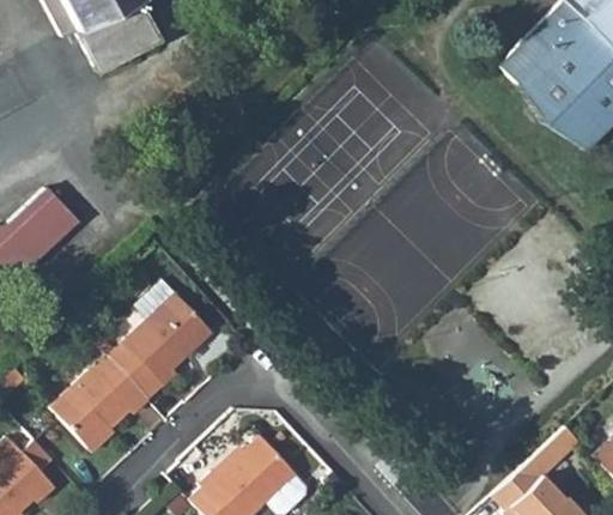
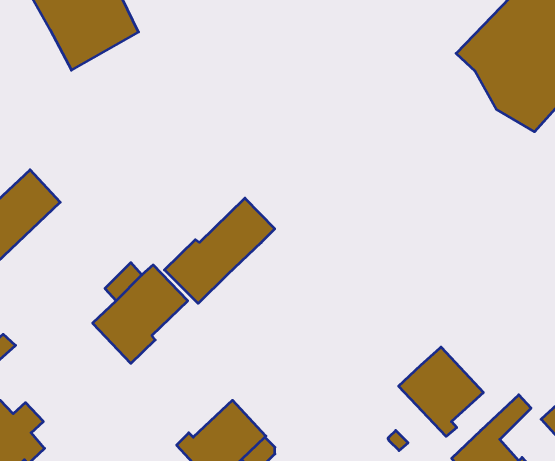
building: none -> [164,198,275,303]
building: [54,352,151,446] -> none
building: none -> [399,347,483,436]

